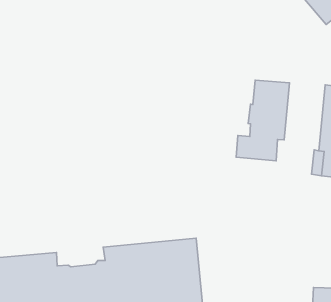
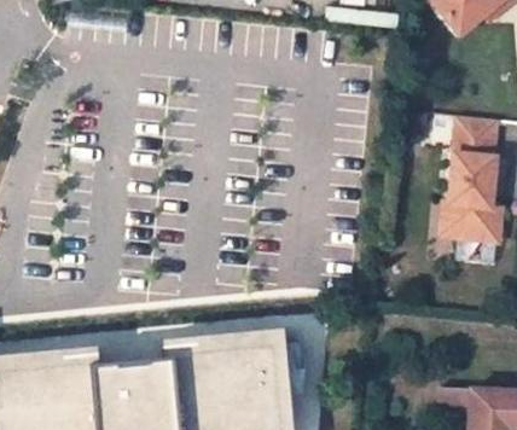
building: [236,80,290,161] -> none

